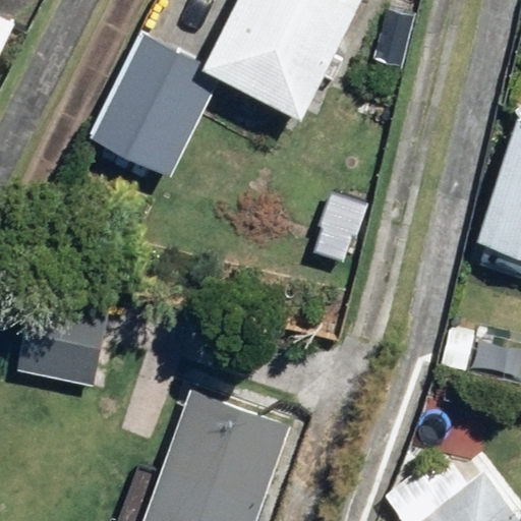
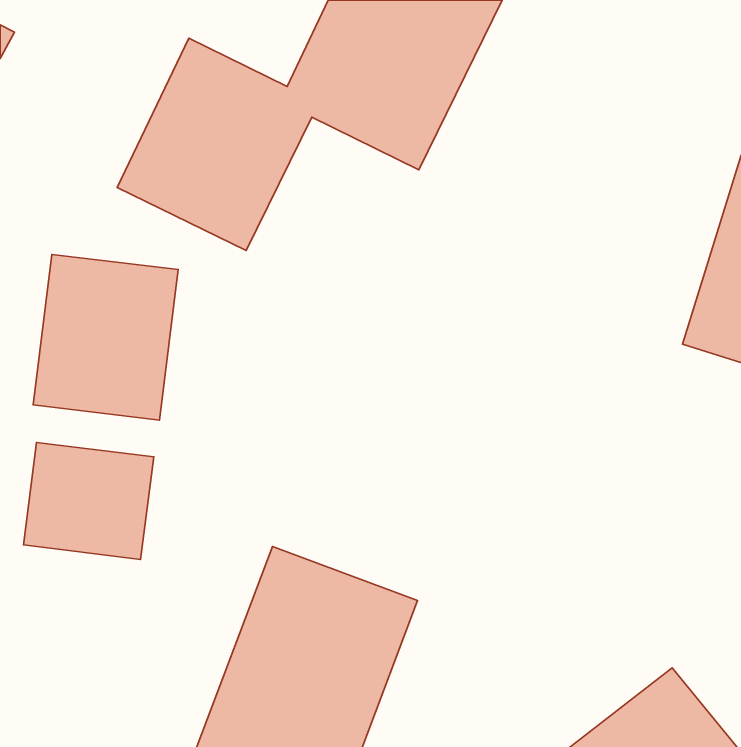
building: none -> [33,254,178,420]

